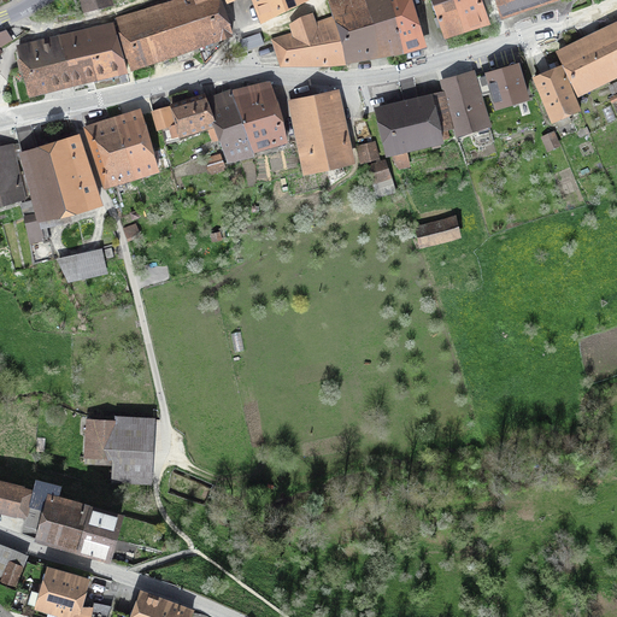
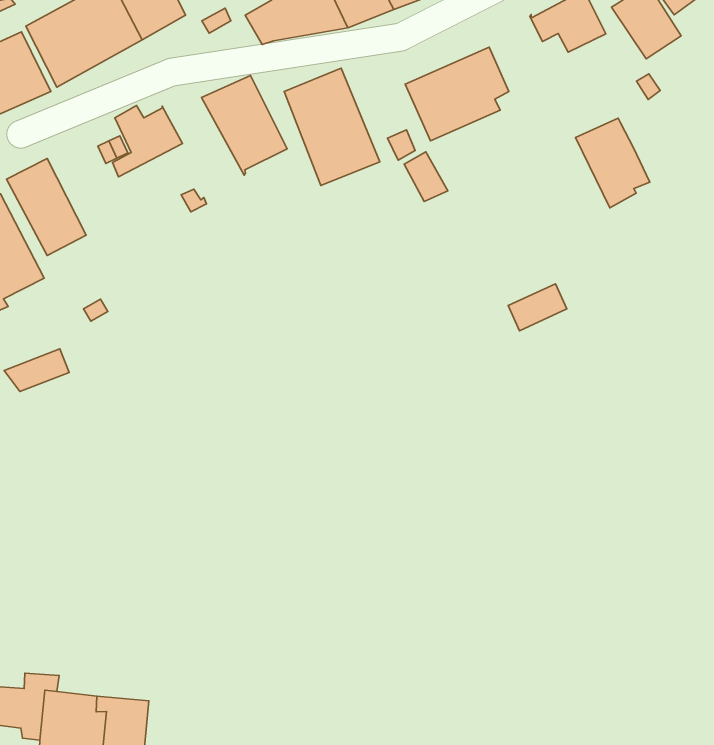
building: [441,74,488,136] -> [575,118,650,208]
building: [206,94,253,160] -> none
building: [116,110,169,177] -> none
building: [417,217,458,246] -> [508,284,567,331]
building: [87,417,154,482] -> none

